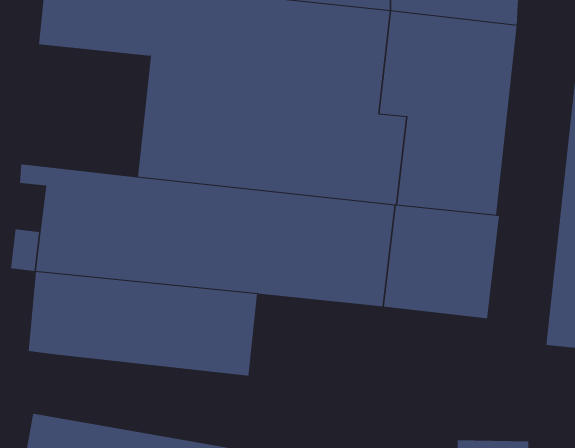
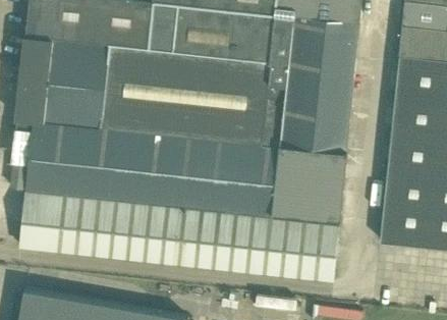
building: none -> [14,34,106,126]
building: none -> [174,207,339,281]

